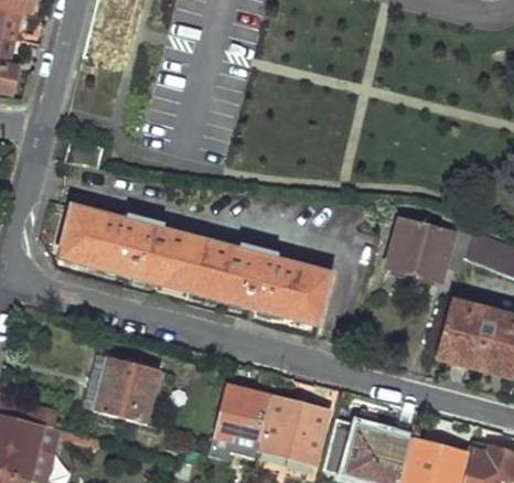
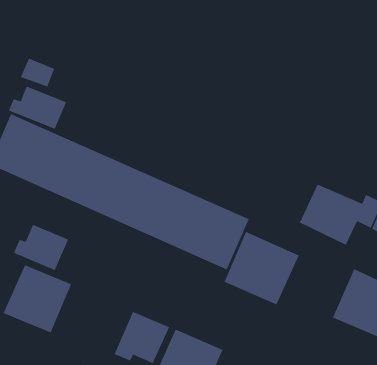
building: none -> [8,85,67,130]
building: none -> [223,231,300,306]
building: none -> [13,224,69,271]

